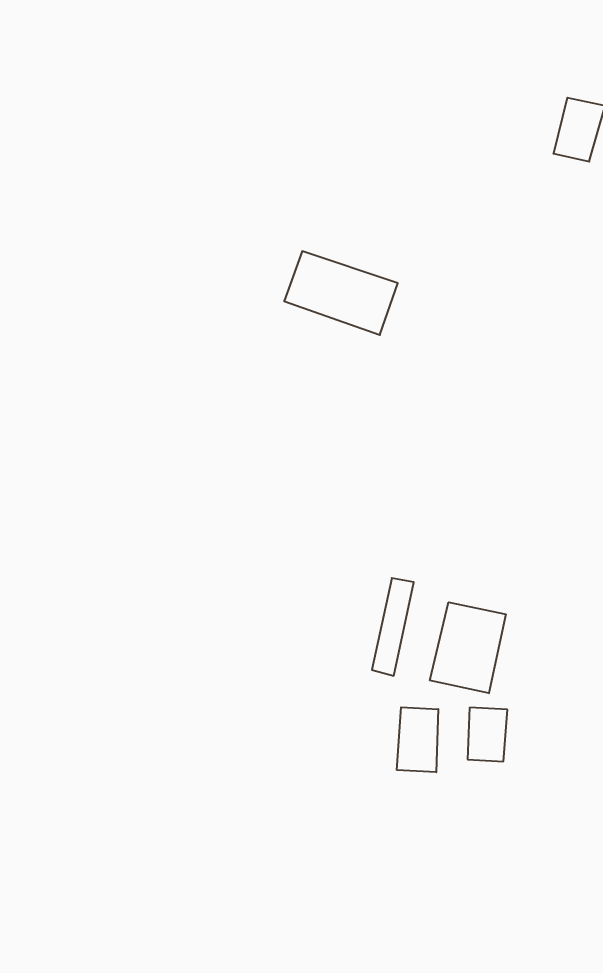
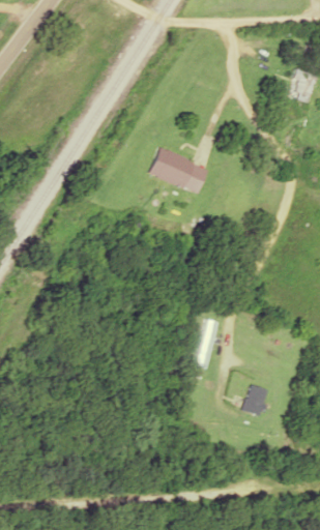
building: [430,602,506,693] -> none
building: [397,707,438,772] -> none

